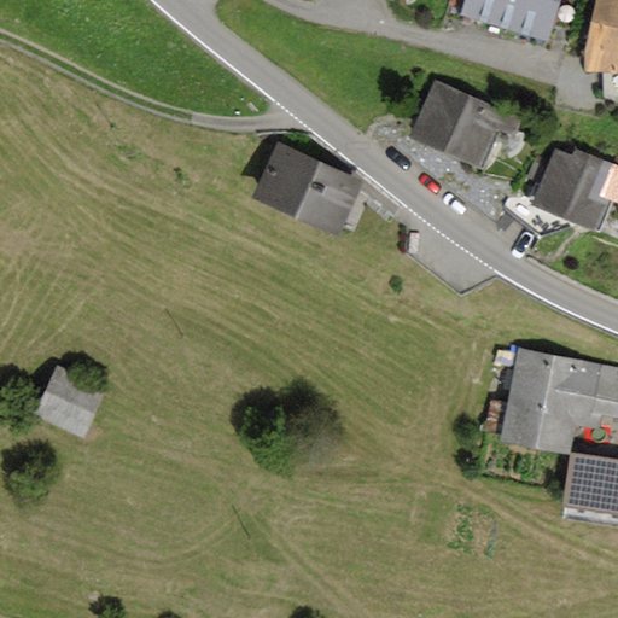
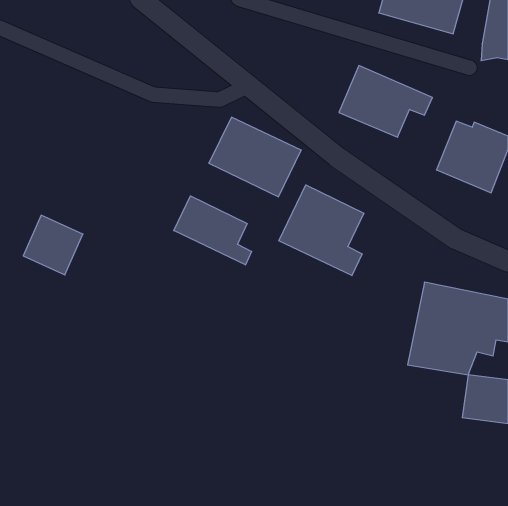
building: none -> [279,185,364,276]
building: none -> [174,196,252,265]
building: [34,362,106,435] -> [23,215,83,275]

